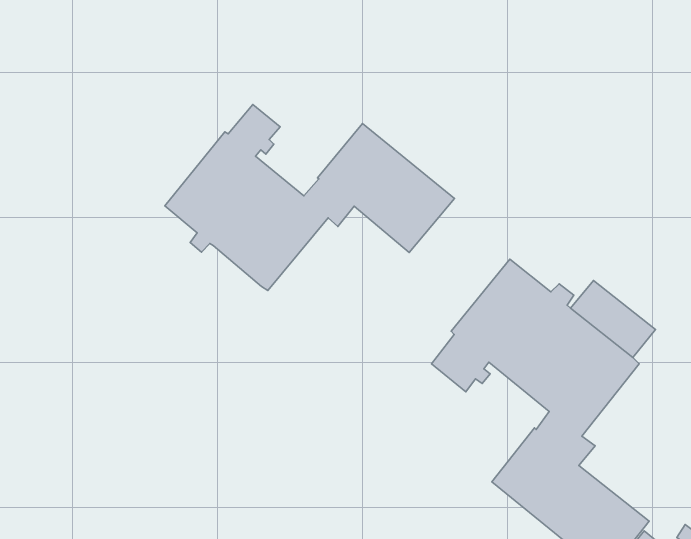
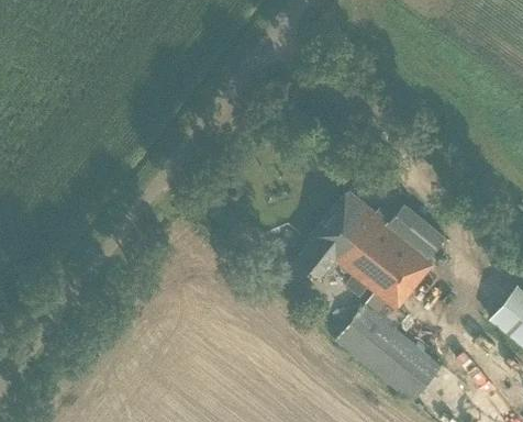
building: [165,104,454,290] -> none

